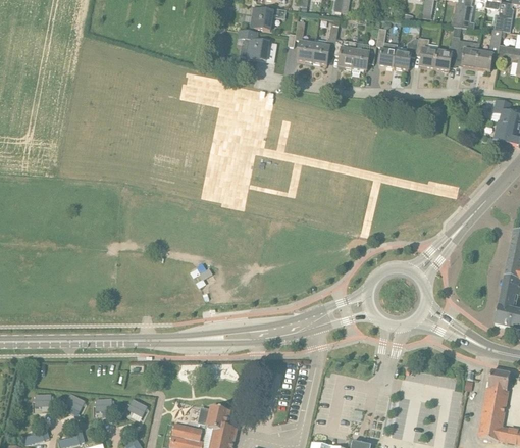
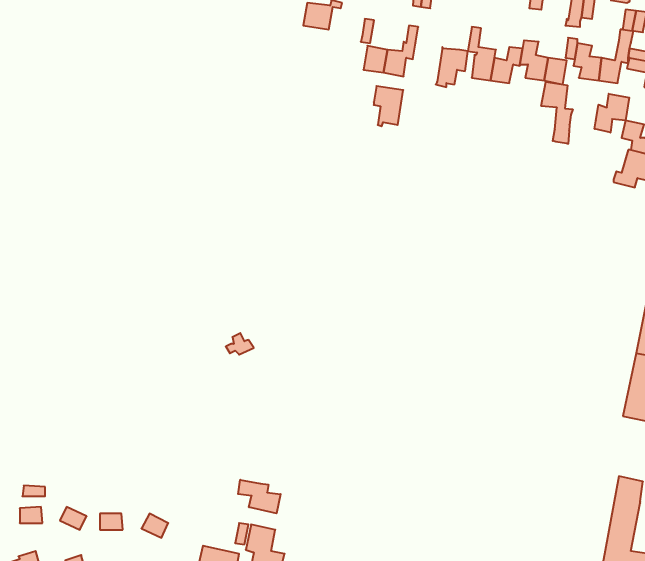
building: [239,29,269,59] -> none
building: [334,39,357,69] -> [374,86,403,126]
building: none -> [541,82,573,144]
building: none -> [595,94,629,133]
building: none -> [238,480,281,513]

